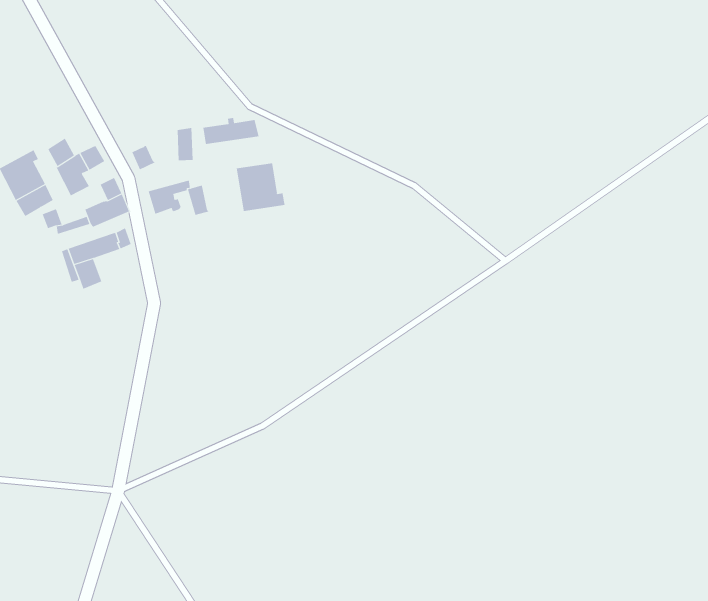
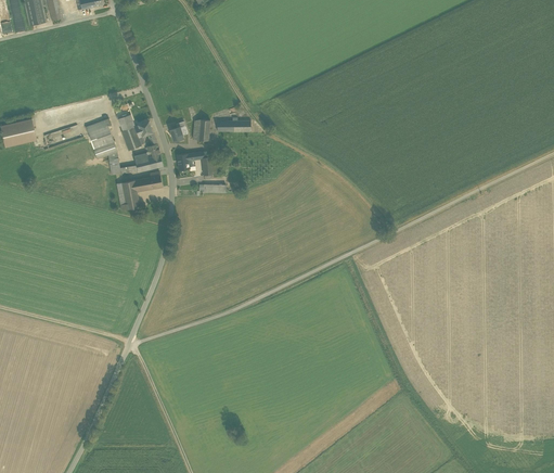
building: [236,162,285,212] -> none

